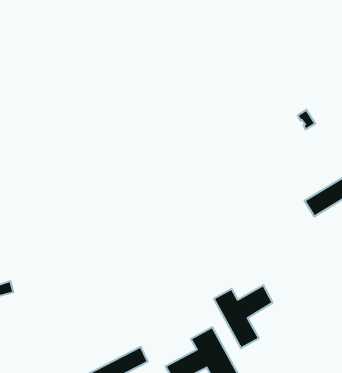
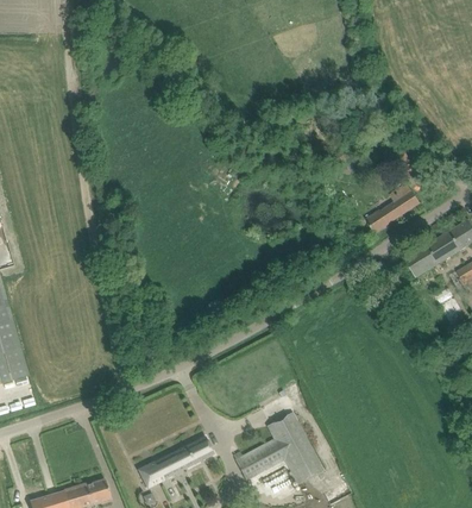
building: none -> [364,183,420,233]
building: [214,285,272,348] -> none

